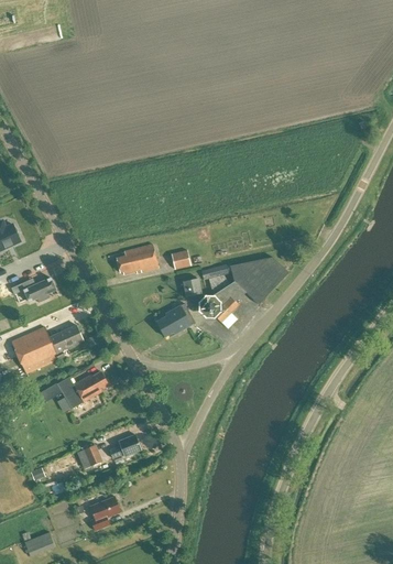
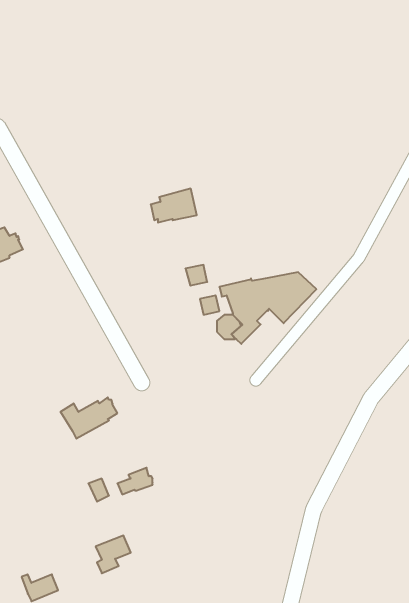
building: [116,245,157,275] -> [151,189,197,223]
building: [10,278,55,303] -> none
building: [155,304,194,337] -> none
building: [11,325,83,373] -> none

